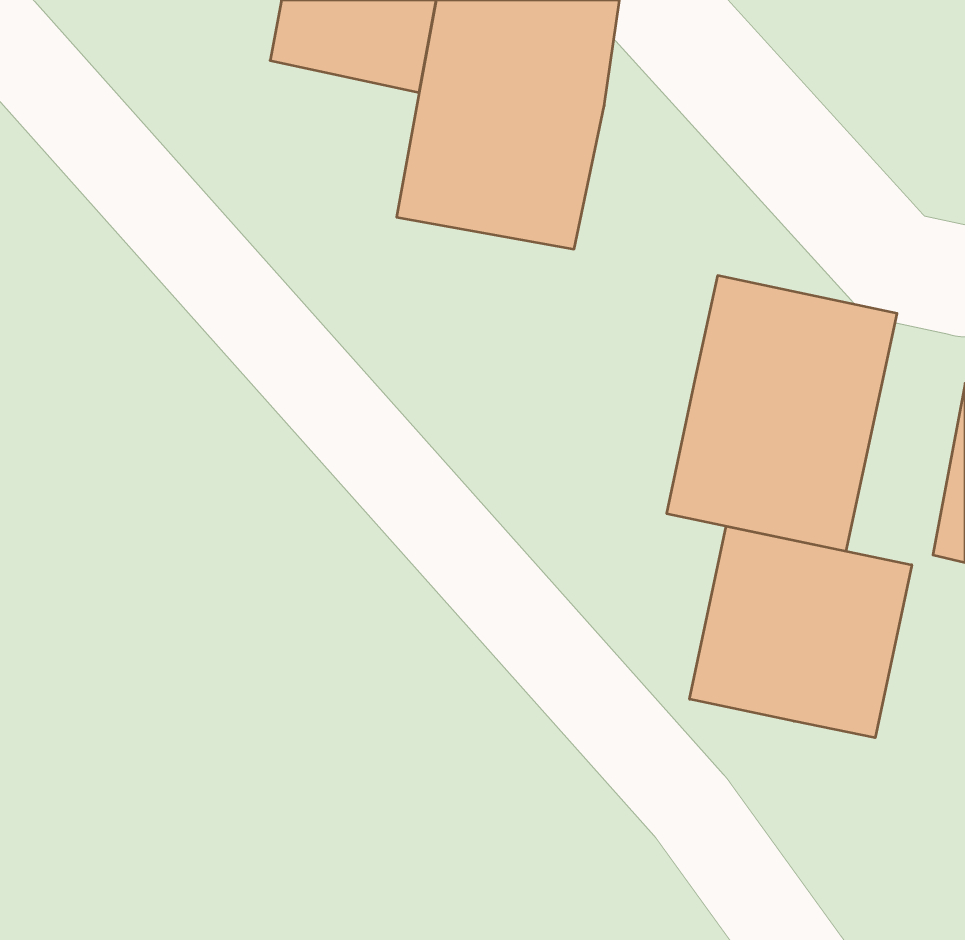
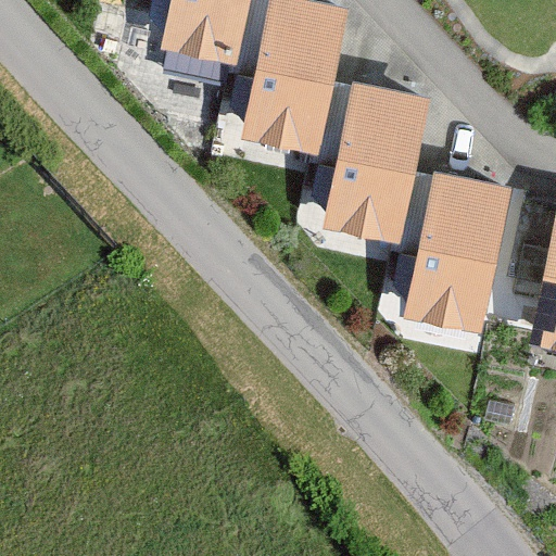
building: none -> [318,75,430,232]
building: [690,526,912,738] -> none

